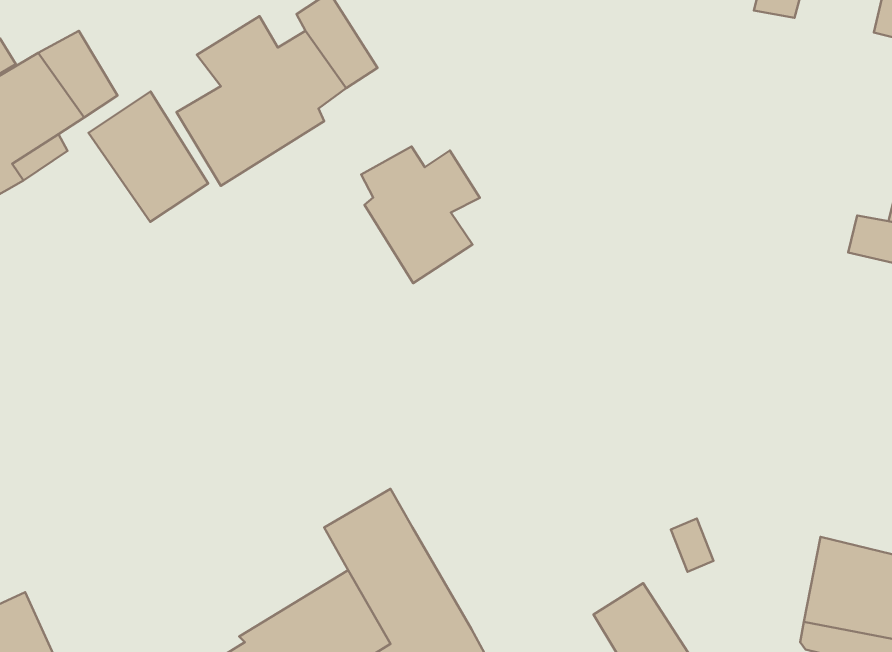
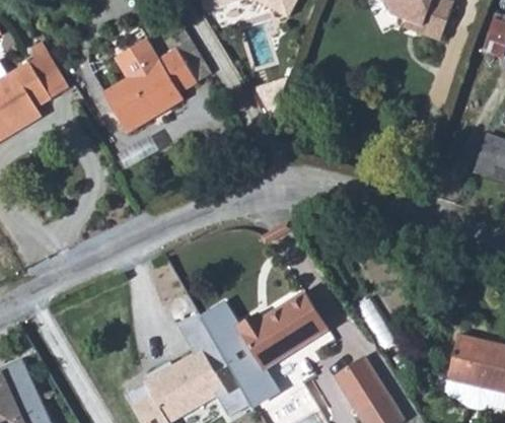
building: [89,92,208,222] -> none
building: [361,147,480,283] -> none
building: none -> [233,288,334,378]

